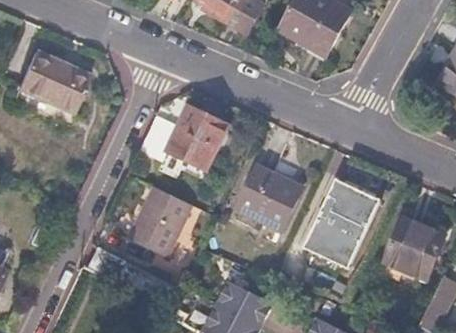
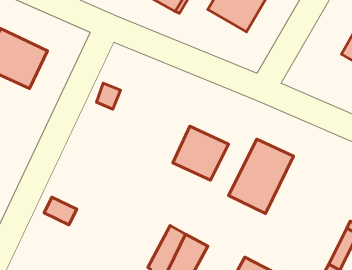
building: [166,111,225,171] -> none
building: [129,180,194,255] -> none
building: [380,216,441,278] -> none

